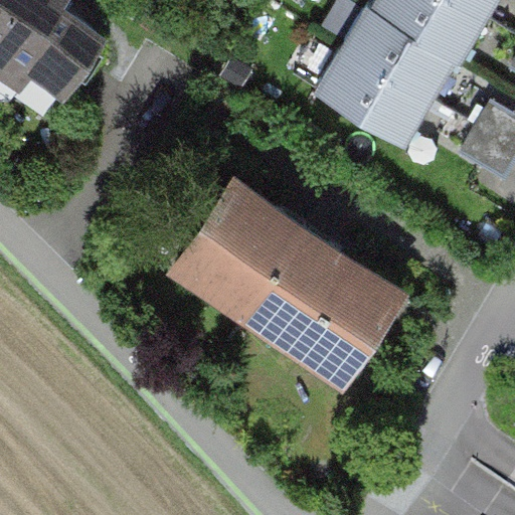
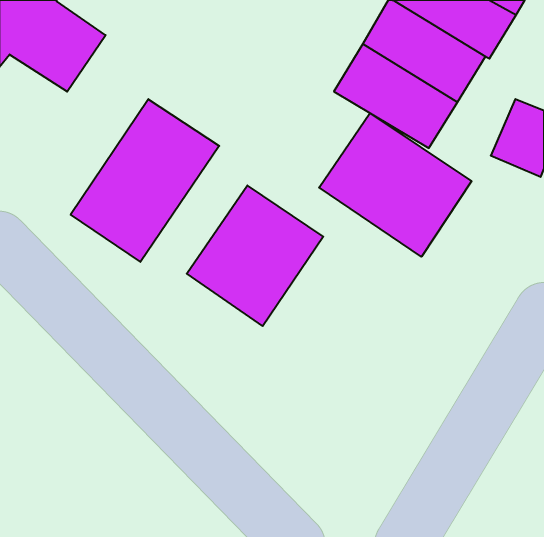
building: none -> [71,99,219,262]
building: none -> [319,113,472,257]
building: [247,230,399,378] -> none

